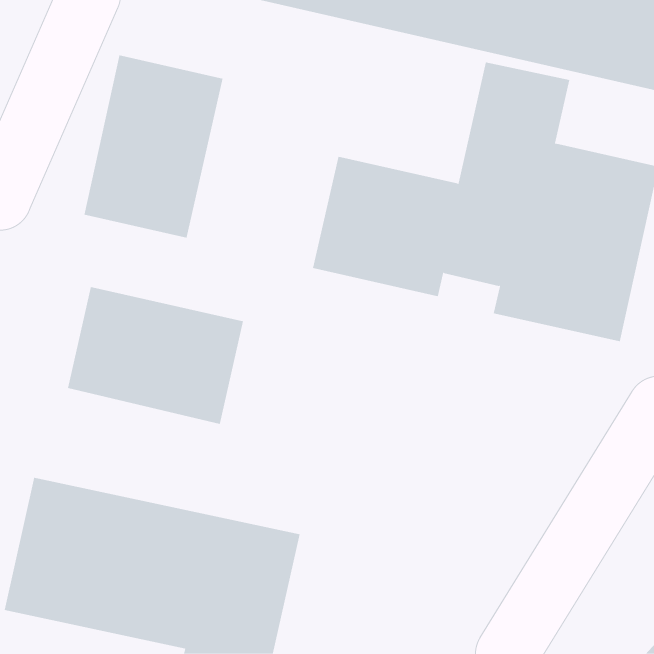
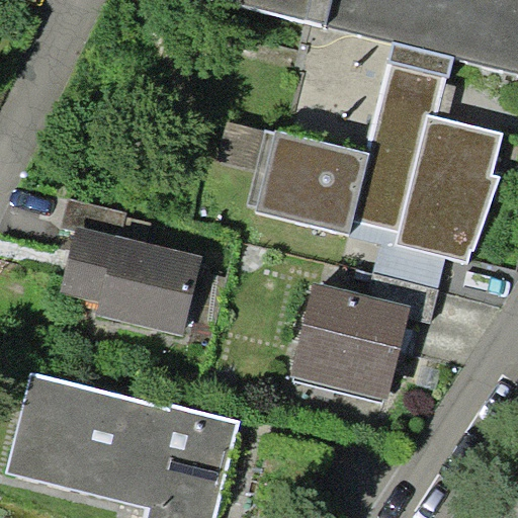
building: [84,54,223,238] -> none
building: none -> [286,276,412,406]

